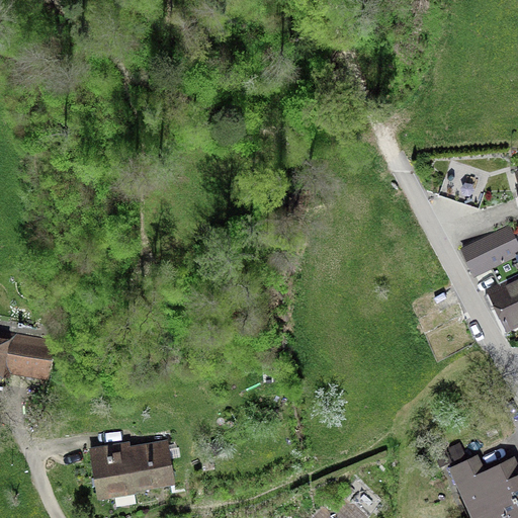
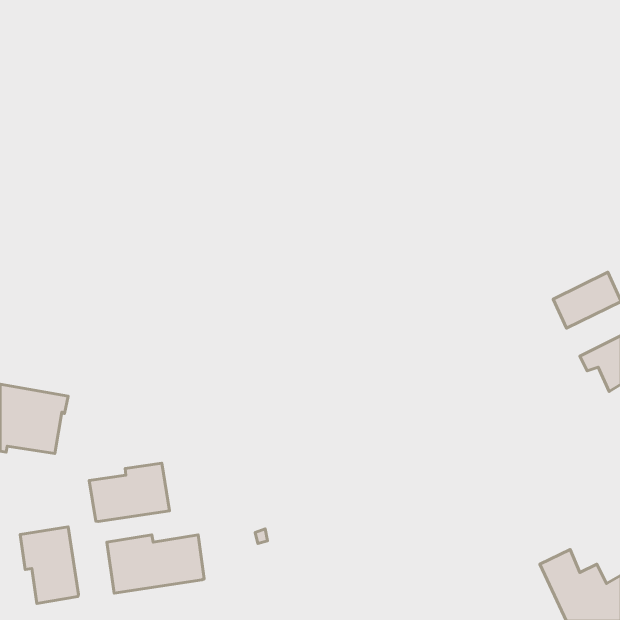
building: none -> [89,463,169,522]
building: none -> [20,527,78,603]

